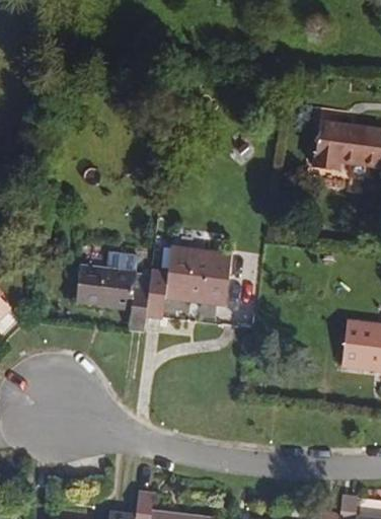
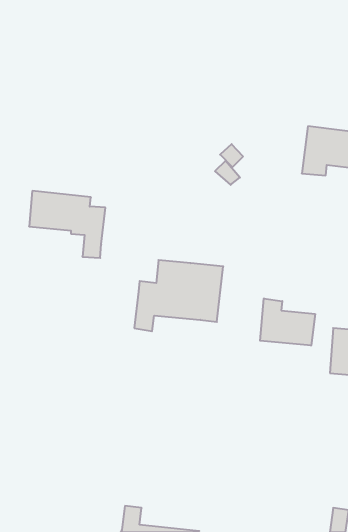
building: [79,267,153,331] -> [29,191,105,258]
building: none -> [260,298,315,346]

